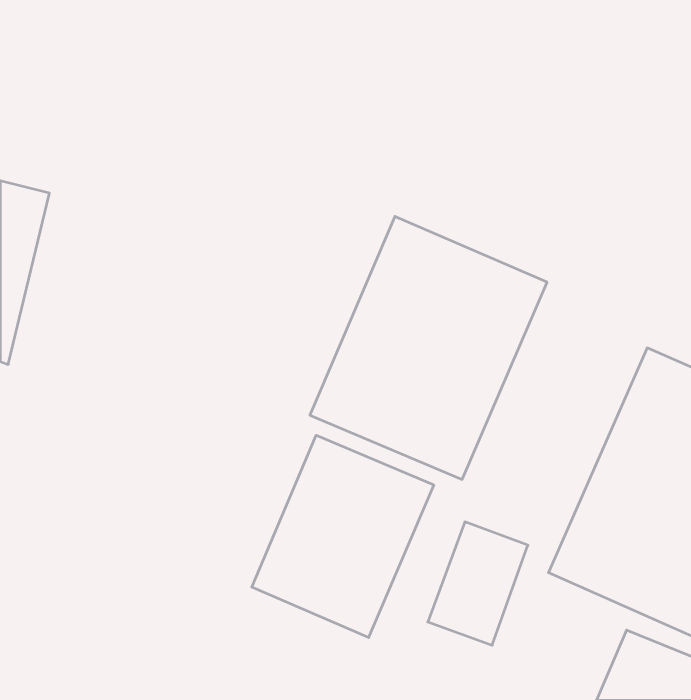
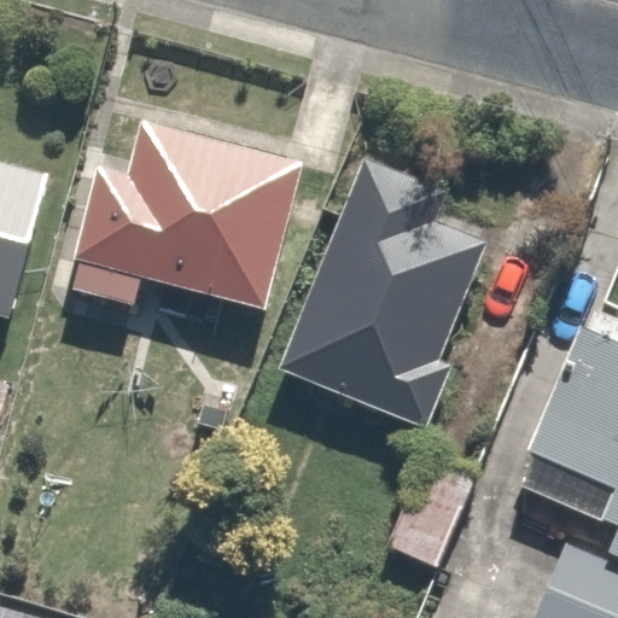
building: none -> [63,126,299,307]
building: [252,435,434,638] -> none

